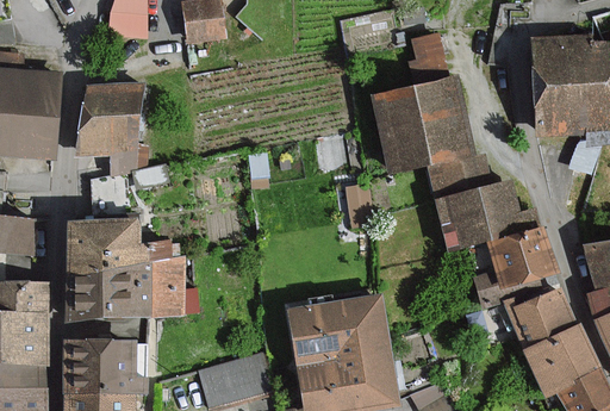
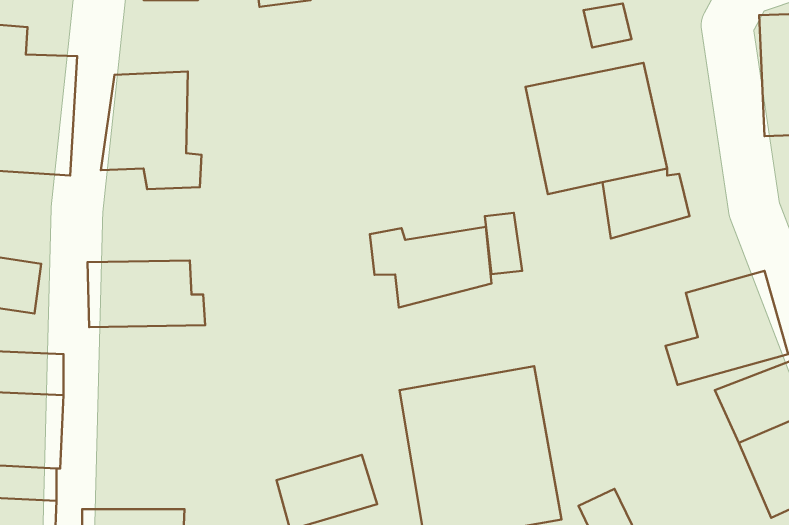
building: [434,181,524,251] -> none
building: none -> [370,227,492,307]
building: [69,242,183,316] -> none
building: [64,338,148,393] -> none

